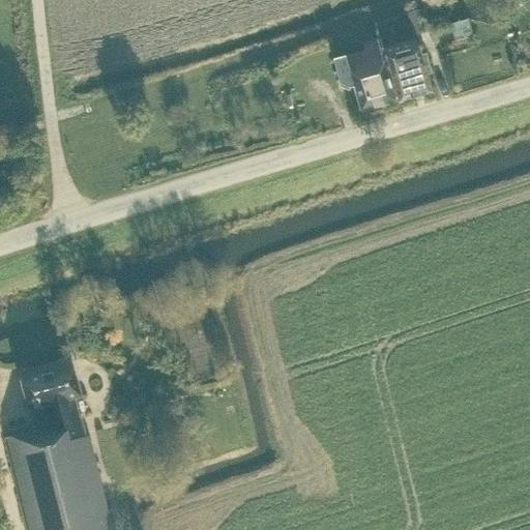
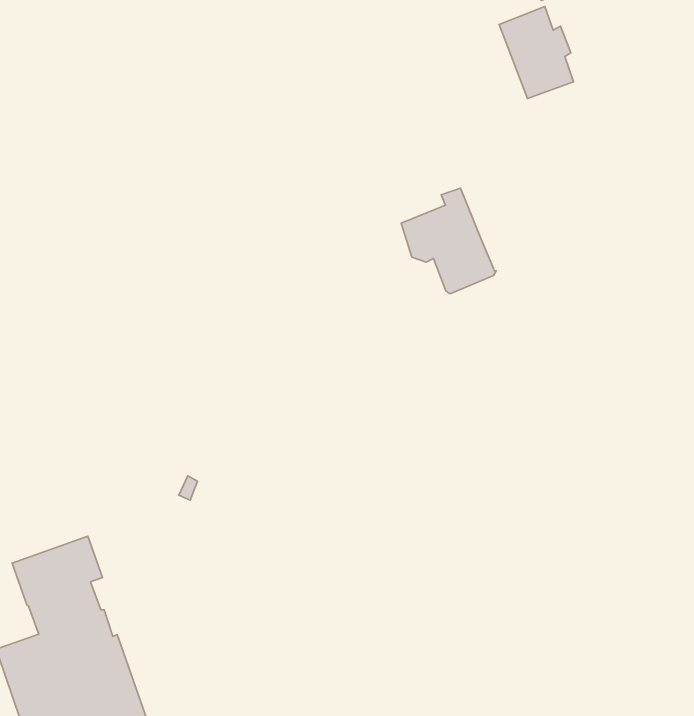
building: [335,40,396,111] -> [401,188,496,294]

